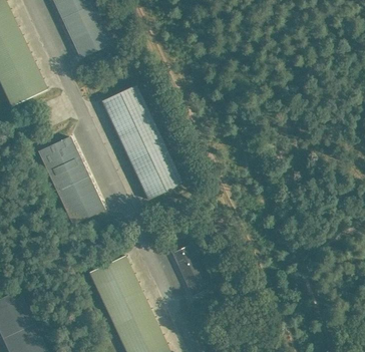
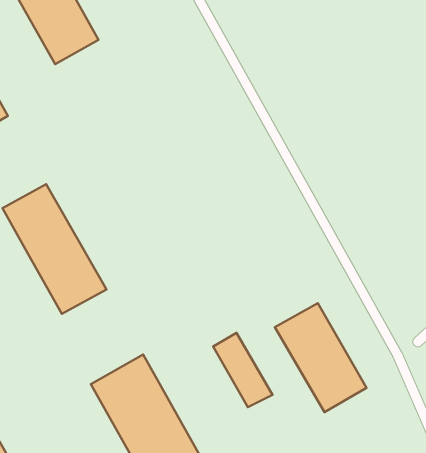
building: [100,84,182,200] -> none
building: none -> [275,303,366,412]

